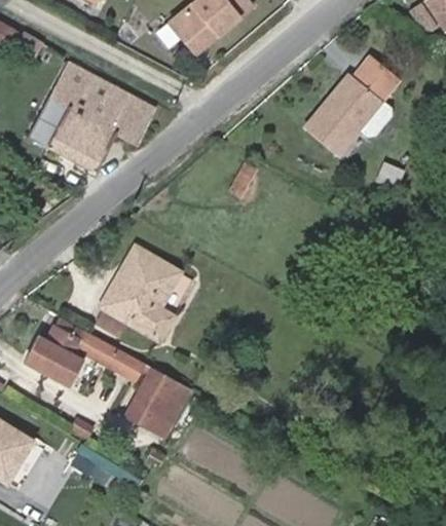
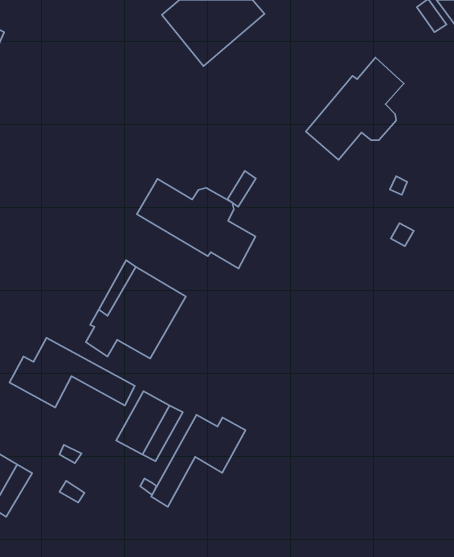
building: [28,64,154,173] -> none
building: none -> [137,179,256,269]
building: none -> [151,415,246,507]

